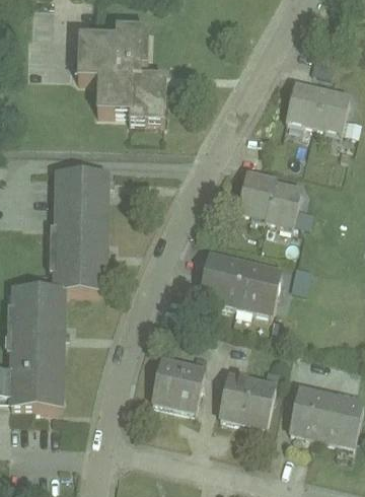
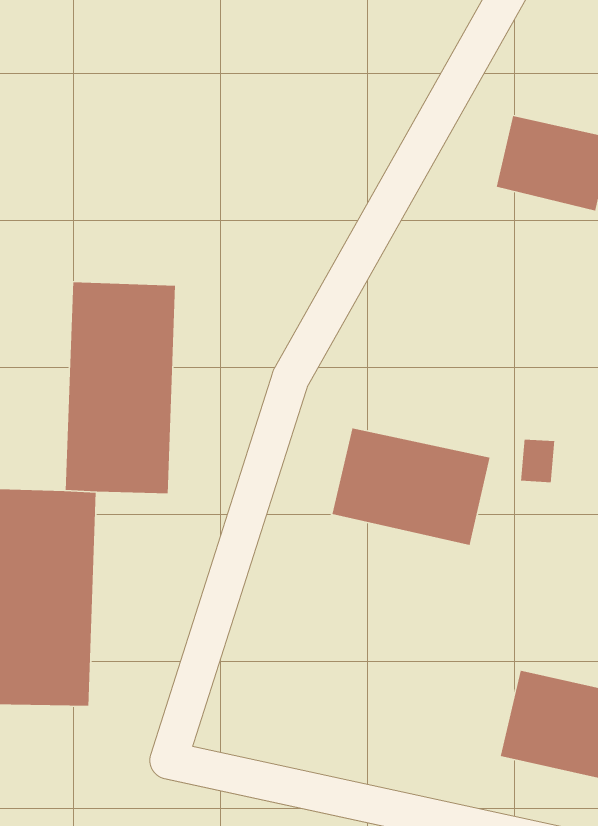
building: [73,31,164,124] -> none
building: [235,168,301,231] -> none
building: [147,357,205,413] -> none
building: [217,370,277,429] -> none

